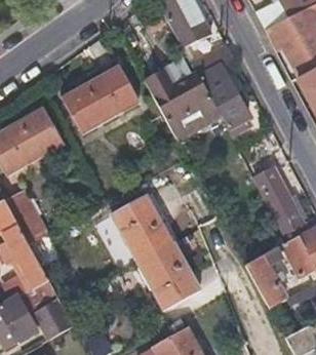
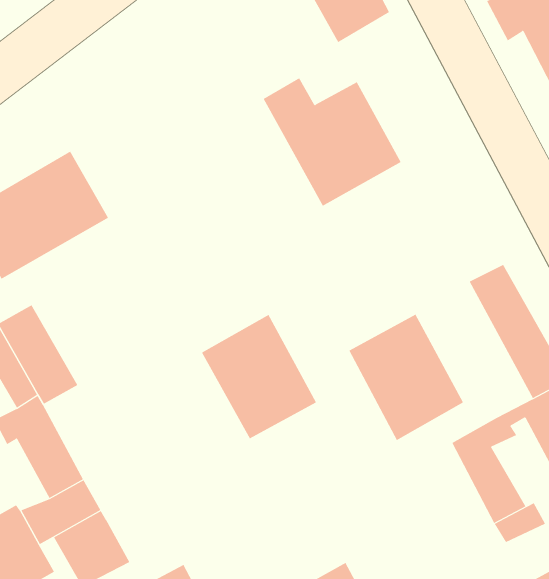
building: [191,43,249,128] -> none
building: [62,65,137,133] -> none
building: [137,242,199,310] -> [348,314,464,441]

